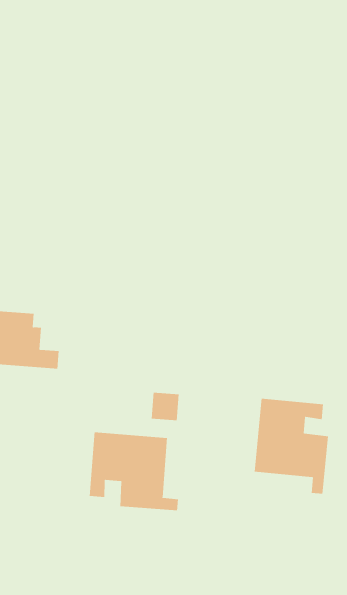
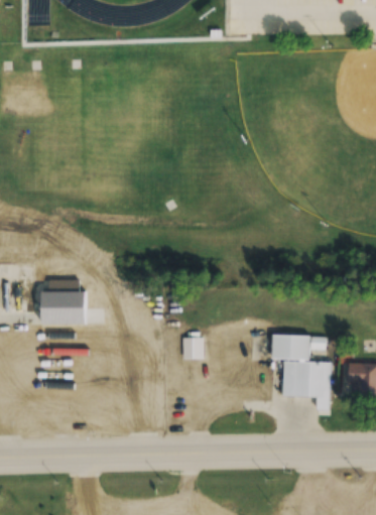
building: [89,432,179,511] -> none

